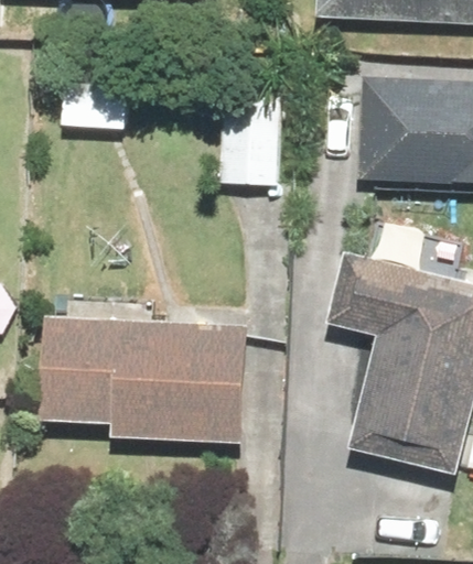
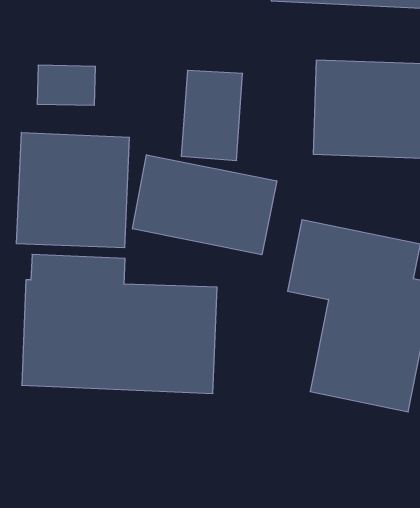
building: none -> [17,132,129,248]
building: none -> [133,155,277,255]

